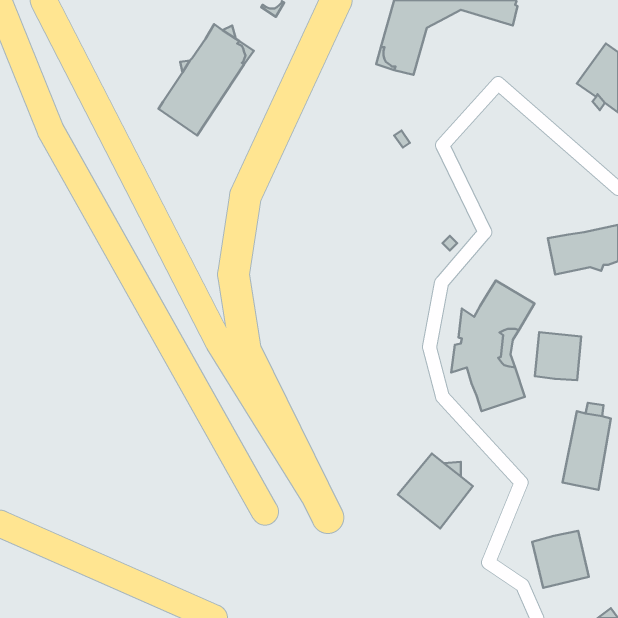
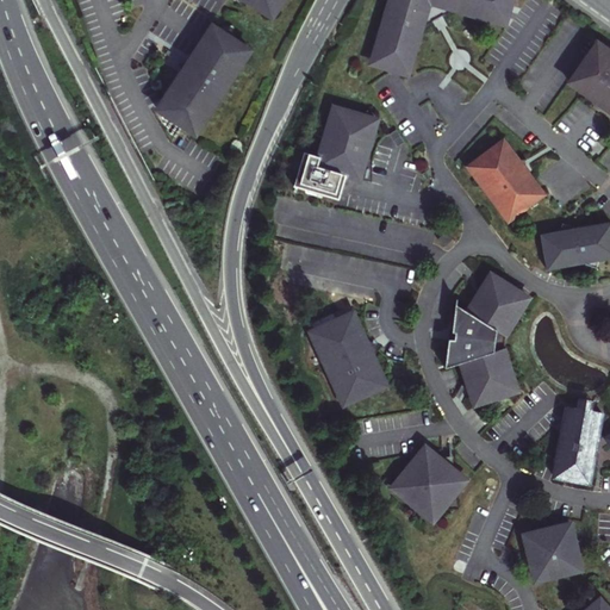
building: none -> [294,106,375,199]
building: none -> [468,141,543,220]
building: none -> [312,313,385,403]
building: [535,332,581,380] -> none

